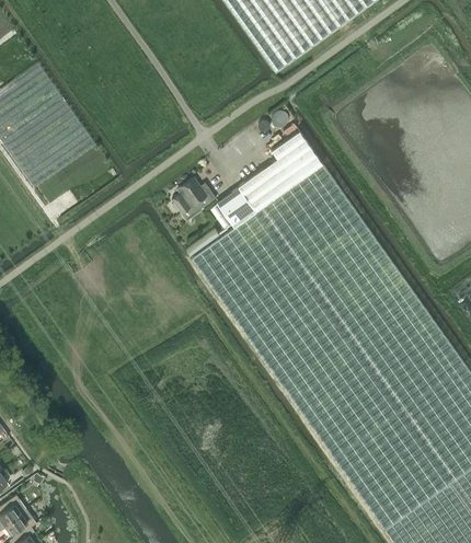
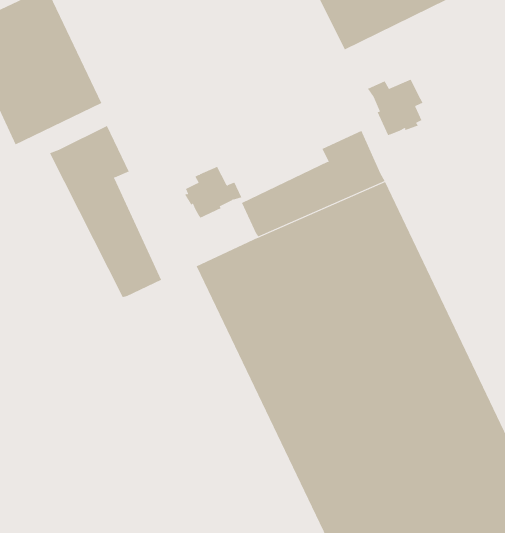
building: none -> [367,79,423,136]
building: none -> [49,125,162,298]

